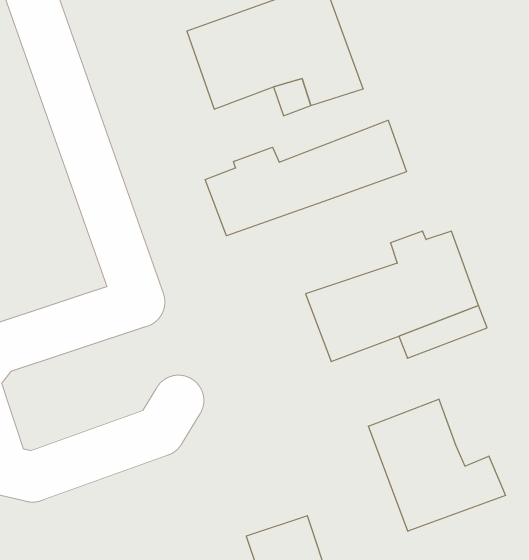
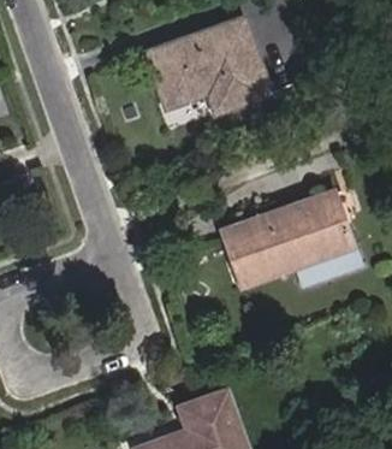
building: [205,120,407,236] -> none
building: [368,399,505,531] -> none

